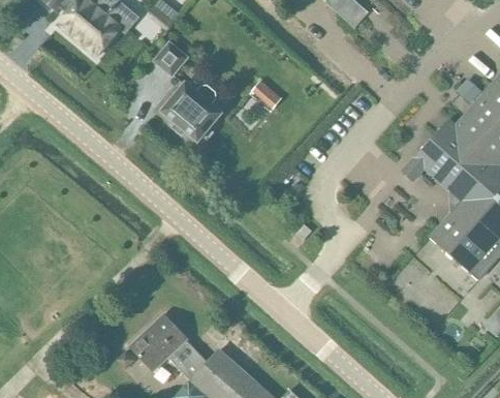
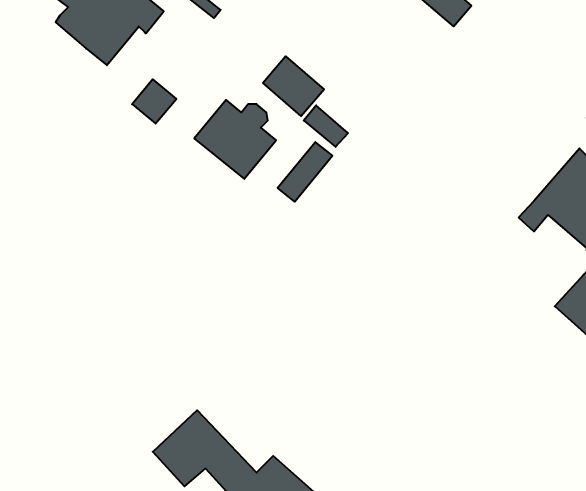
building: [154,42,187,75] -> [132,79,176,124]
building: none -> [263,56,324,116]
building: none -> [278,142,332,202]

